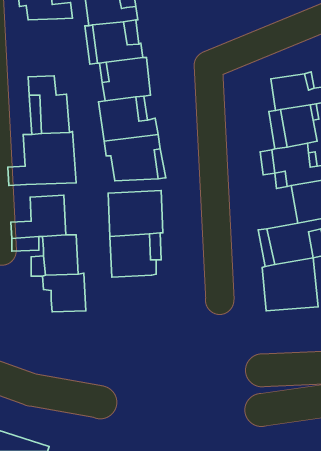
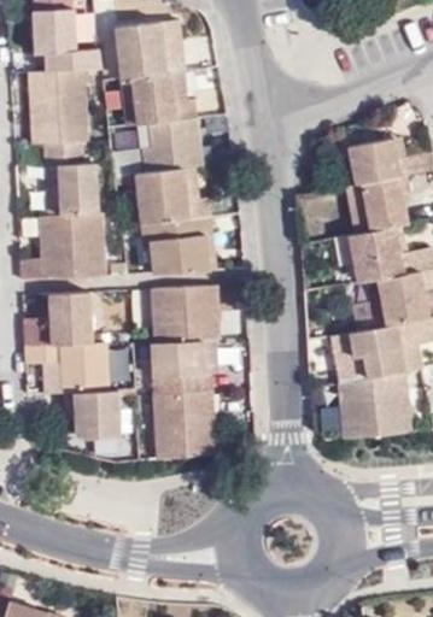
building: none -> [29,71,87,145]
building: none -> [151,390,210,458]

